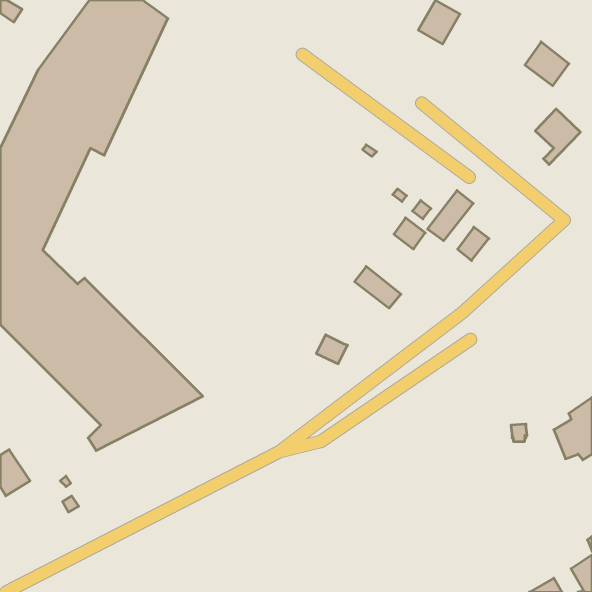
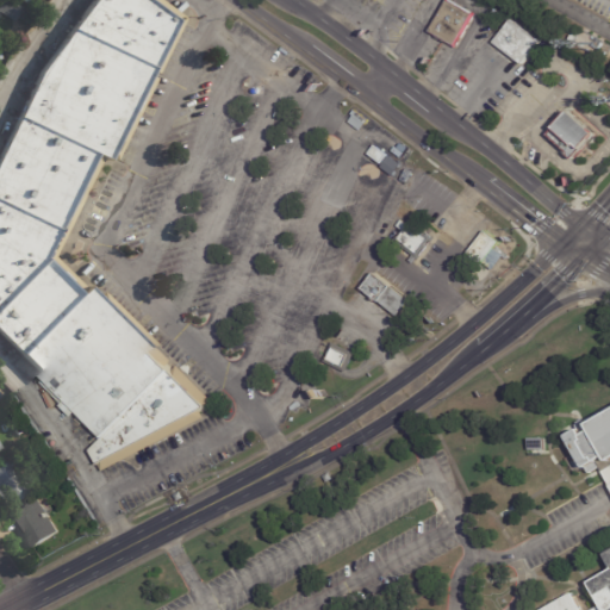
building: [525,42,569,86] -> [493,19,539,64]
building: [428,190,473,241] -> none
building: none -> [11,499,60,552]

